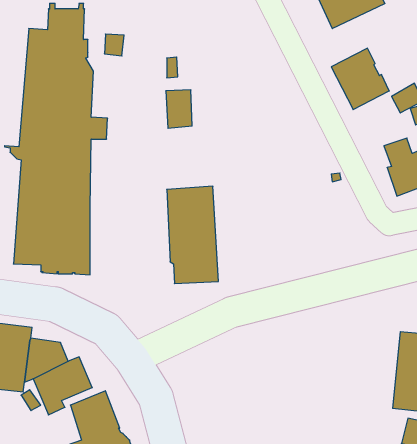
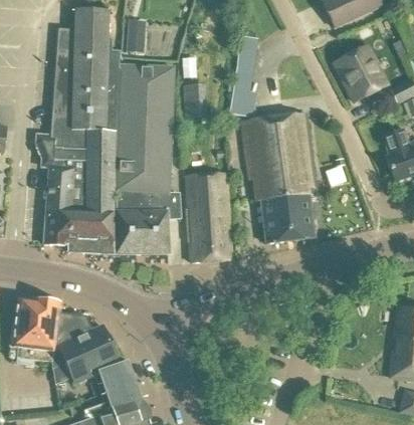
building: none -> [228,34,258,116]
building: none -> [110,49,180,253]
building: none -> [243,113,316,243]

